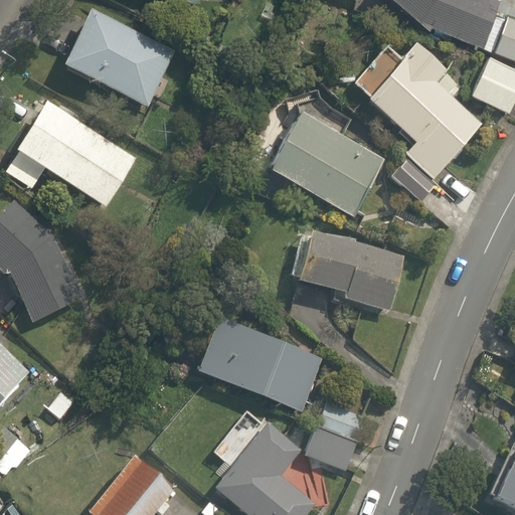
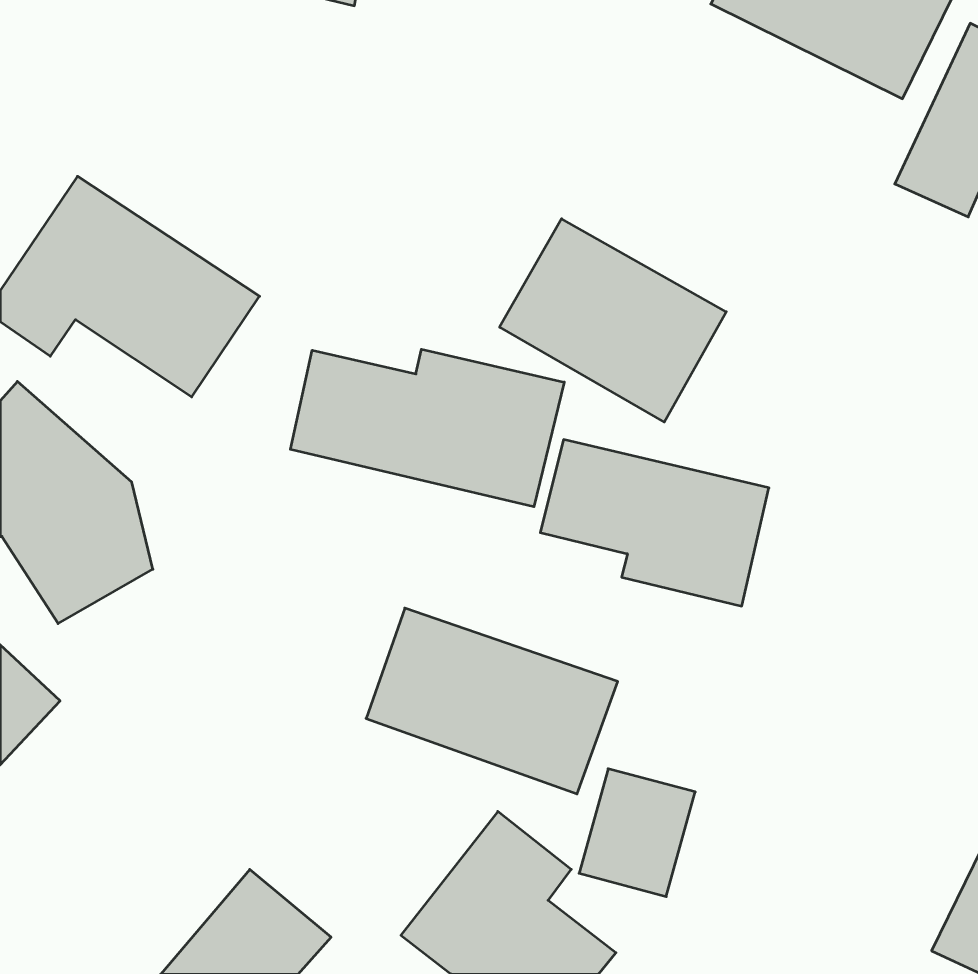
building: [66,7,177,106] -> none
building: [363,52,485,177] -> none
building: none -> [290,349,564,507]

